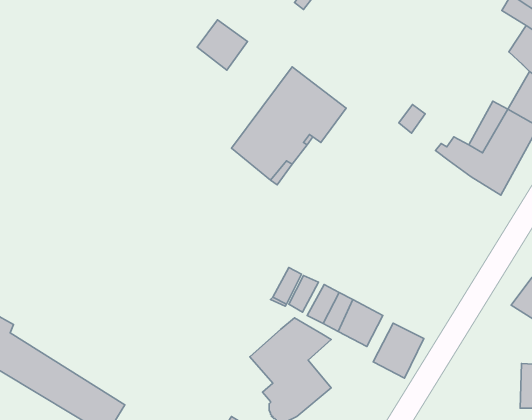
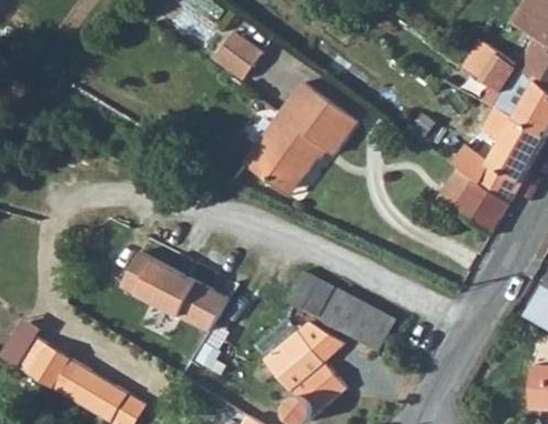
building: none -> [467,41,530,100]
building: none -> [447,169,509,235]
building: none -> [115,250,225,330]
building: [373,323,424,378] -> none

